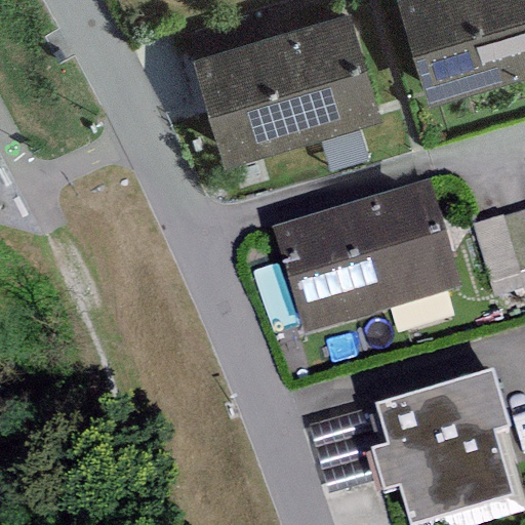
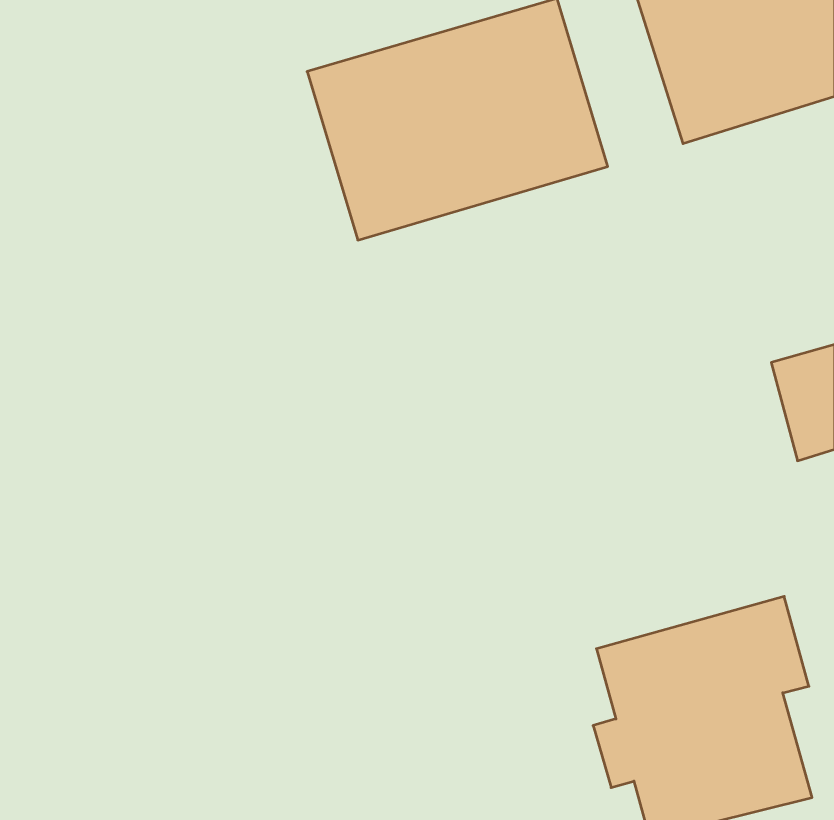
building: [270,180,460,336] -> none

